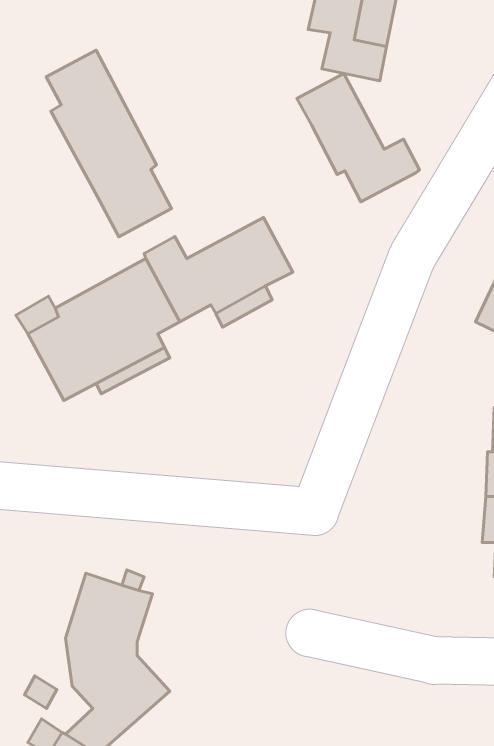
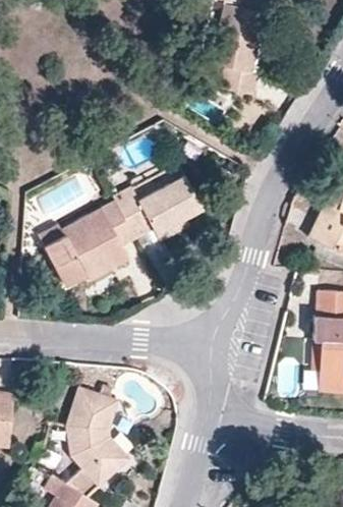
building: [46,50,171,237] -> none
building: [297,73,419,202] -> none

